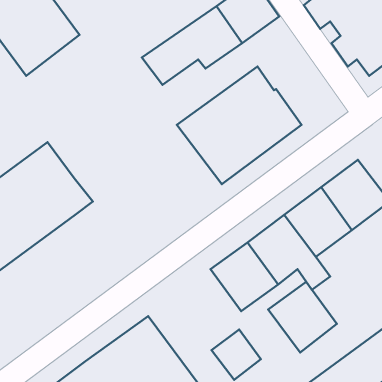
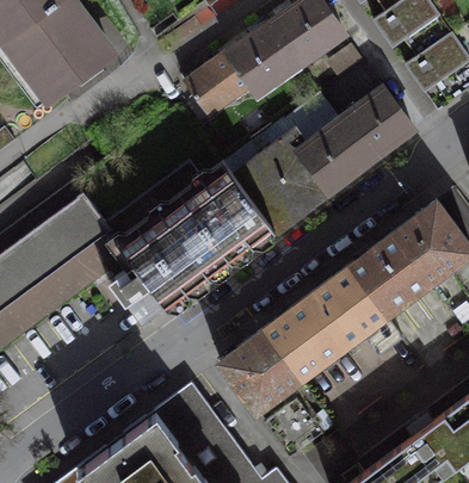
building: none -> [341,88,414,161]
building: none -> [106,160,278,311]
building: [268,282,337,353] -> [221,329,301,411]

